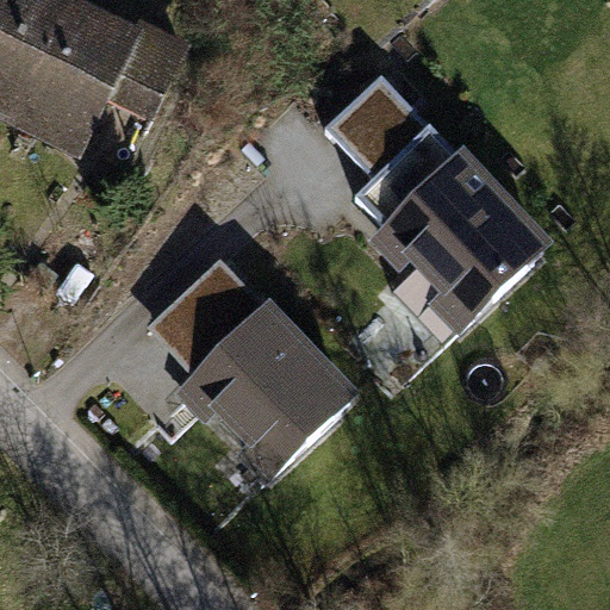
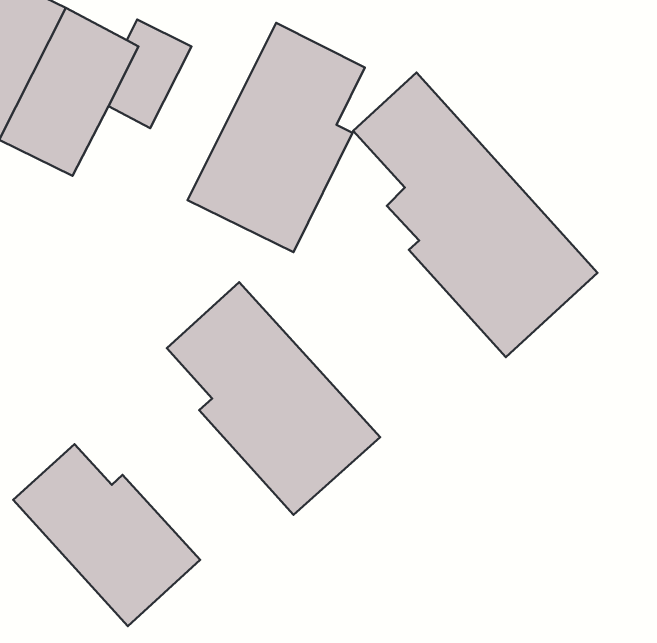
building: none -> [187,23,365,252]
building: none -> [13,444,200,626]

